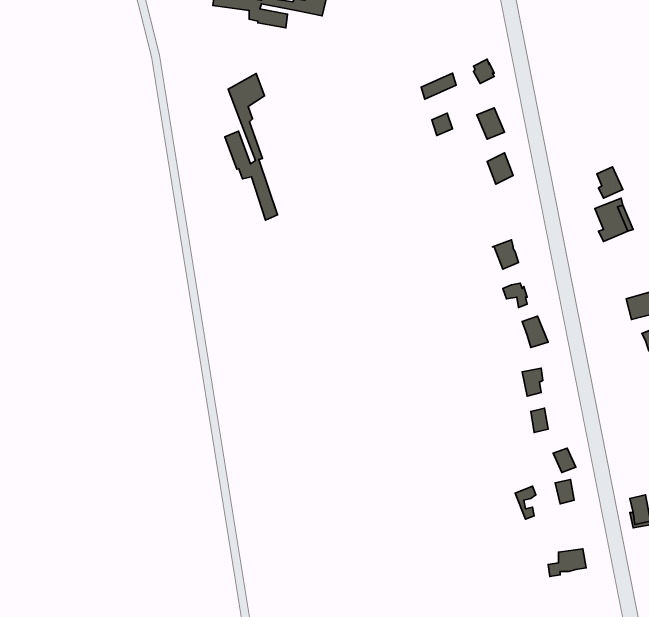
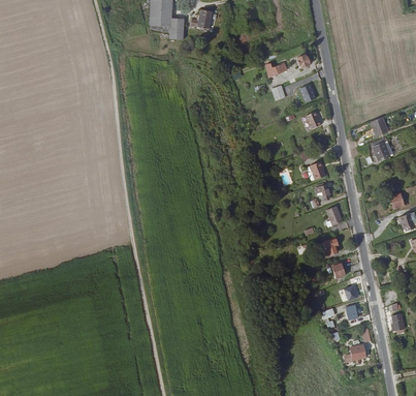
building: [225,74,277,220] -> none

